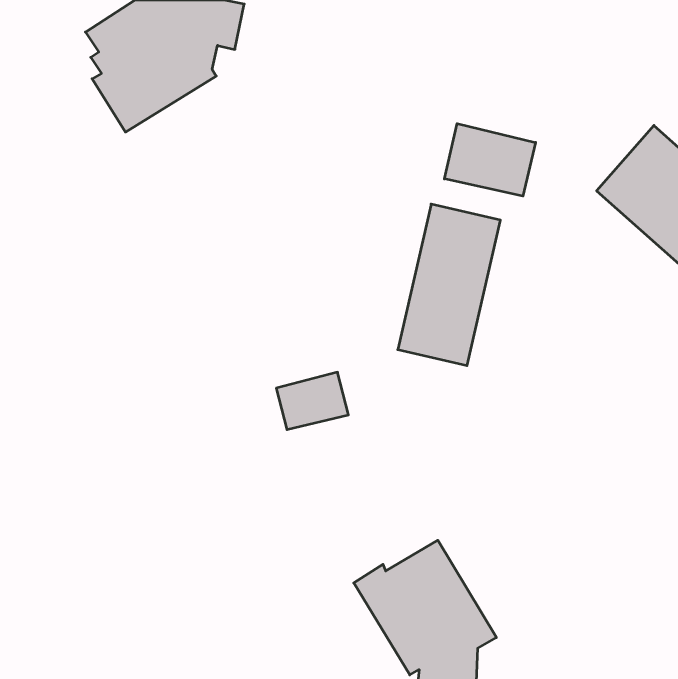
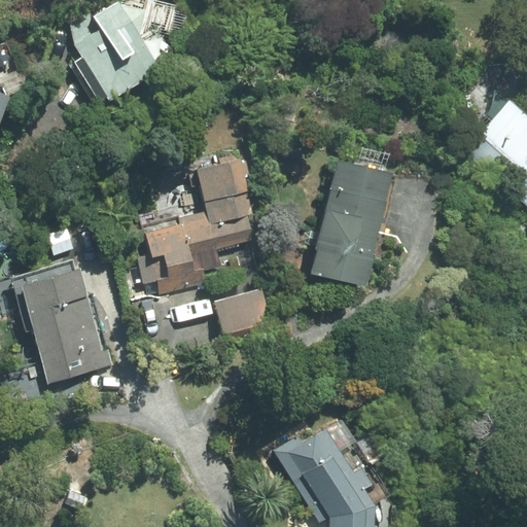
building: [444,124,536,196] -> none
building: none -> [134,157,260,295]
building: none -> [19,268,107,383]

